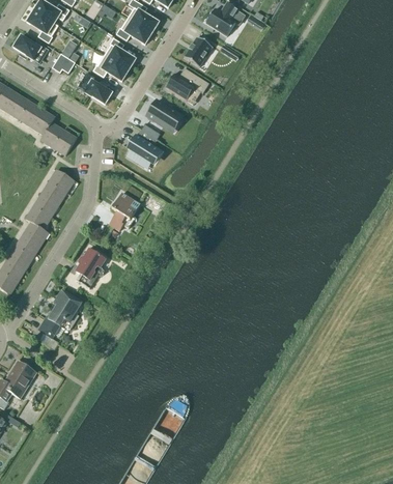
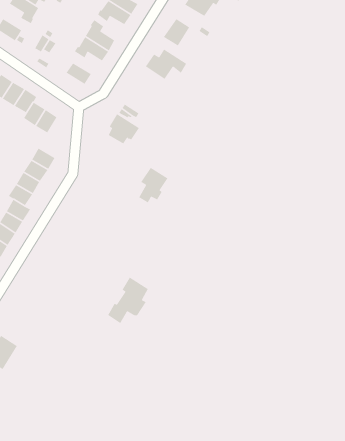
building: [146,101,177,130] -> none
building: [109,193,140,230] -> [138,167,169,203]
building: [76,249,105,288] -> none
building: [38,289,81,338] -> [107,277,149,324]

